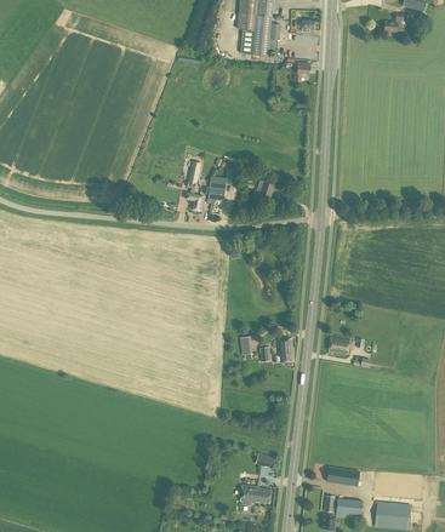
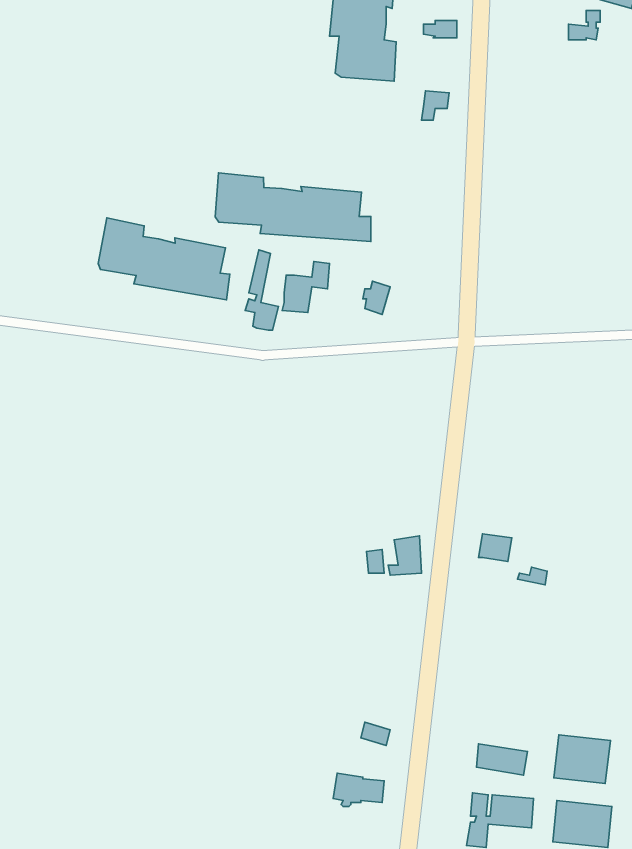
building: none -> [215,173,371,241]
building: none -> [98,218,230,300]
building: none -> [554,735,610,783]

